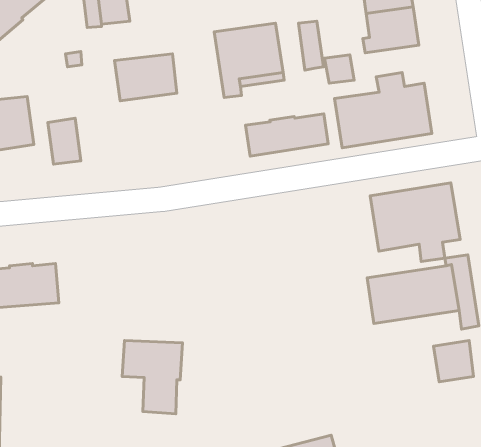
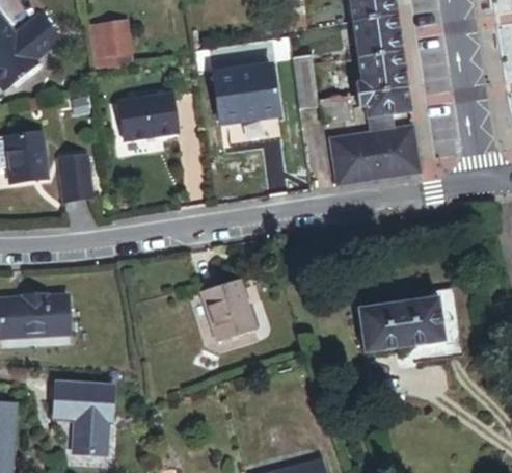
building: none -> [357,86,411,116]
building: [246,114,328,156] -> none
building: [370,183,460,262] -> none
building: none -> [200,279,253,342]
building: [434,340,473,382] -> none
building: [122,340,182,414] -> [53,384,110,453]

